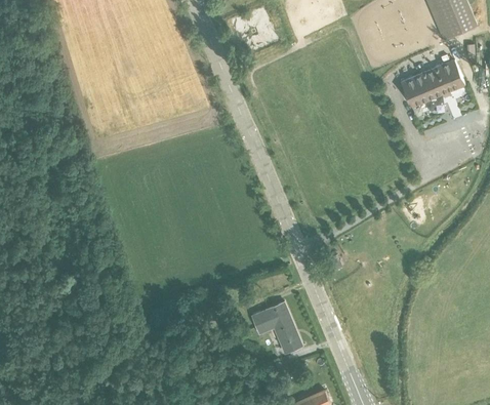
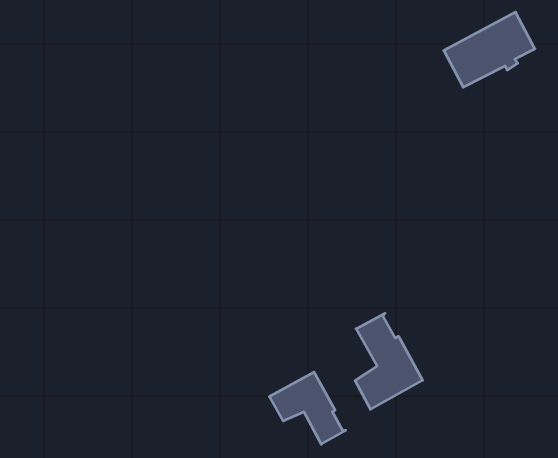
building: none -> [355,313,423,409]

